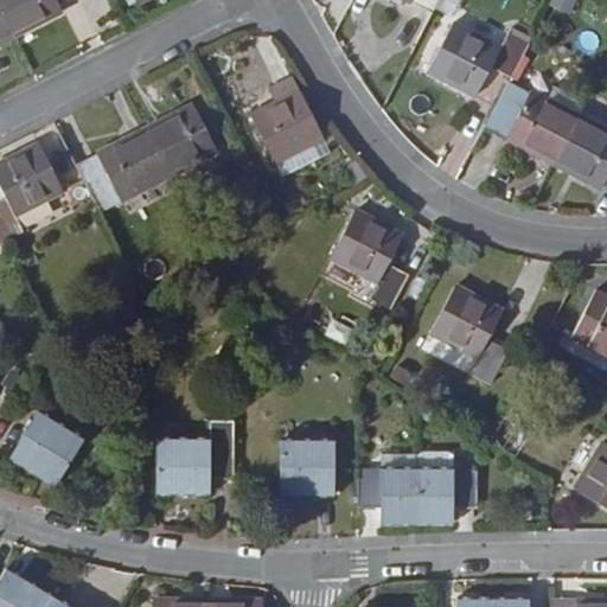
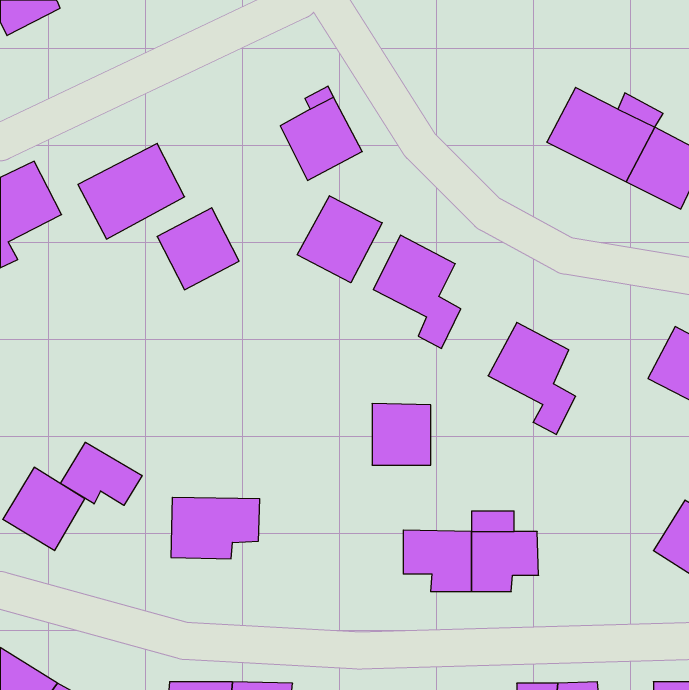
building: [427,26,528,97] -> none
building: [145,107,216,178] -> [157,208,239,290]
building: none -> [297,196,382,283]
building: none -> [60,442,142,505]
building: [282,439,333,492] -> [372,404,431,465]

